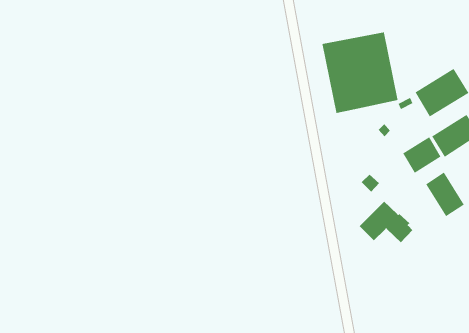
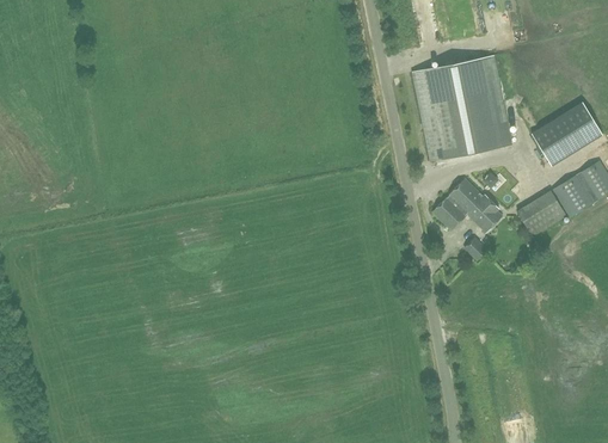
building: [425,172,465,217] -> none
building: [359,201,413,243] -> [432,178,502,232]

